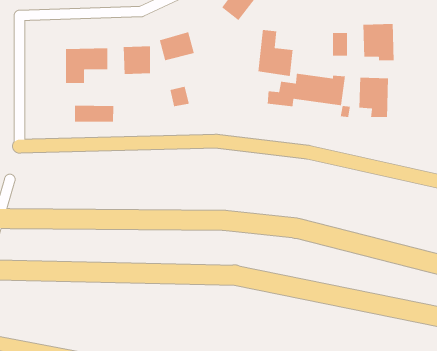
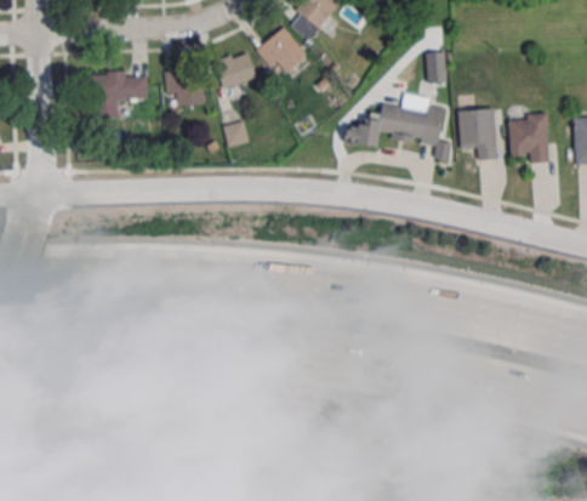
building: none -> [256,28,306,78]
building: [362,23,395,61] -> [508,115,548,163]
building: [257,29,294,77] -> none
building: [74,105,114,123] -> none

